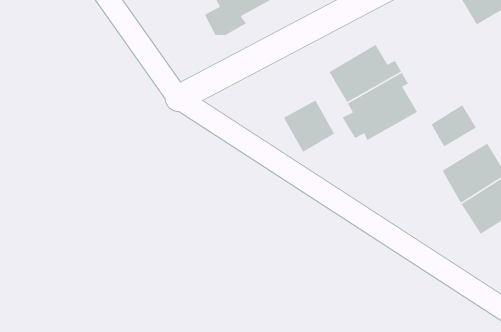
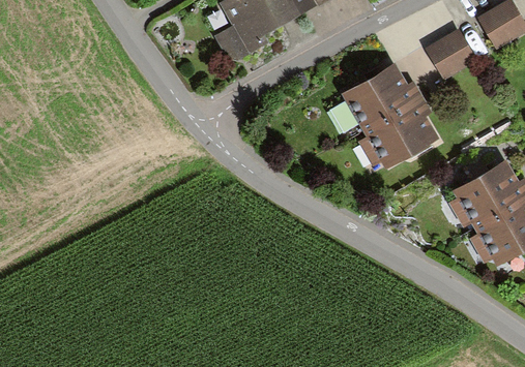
building: none -> [424,29,474,81]
building: [283,99,335,153] -> none
building: [430,104,477,147] -> none

